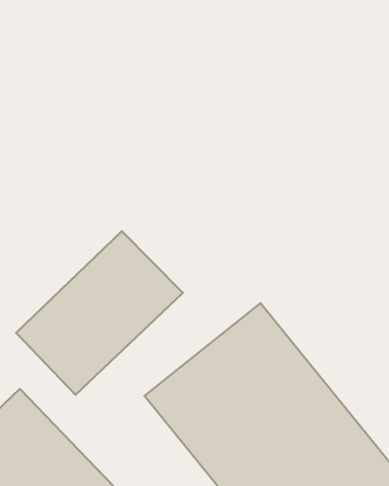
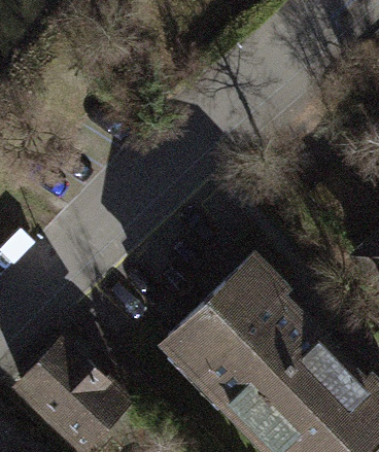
building: [16,231,183,395] -> none

